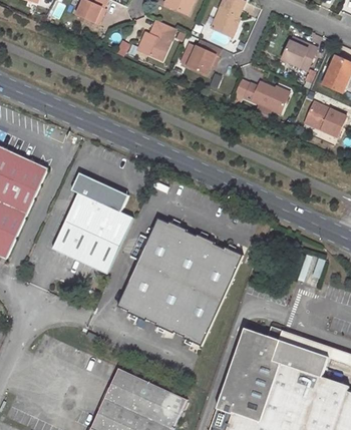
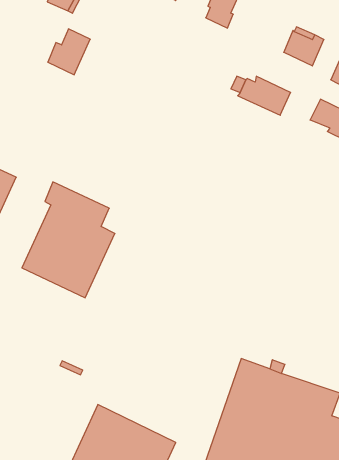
building: [138,21,176,61] -> [48,29,90,75]
building: [187,42,222,76] -> none
building: [117,219,243,348] -> none

